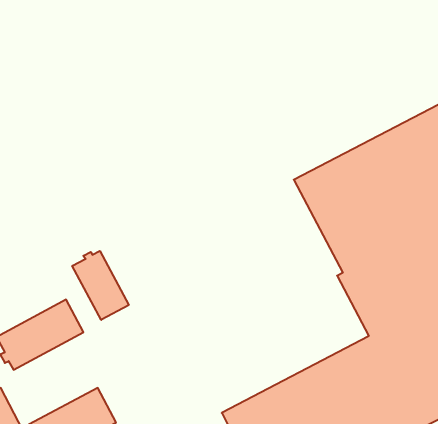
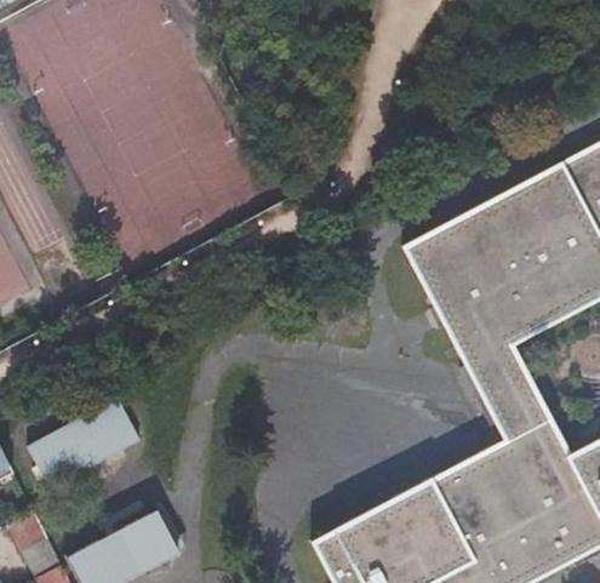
building: [72,251,129,320] -> none

